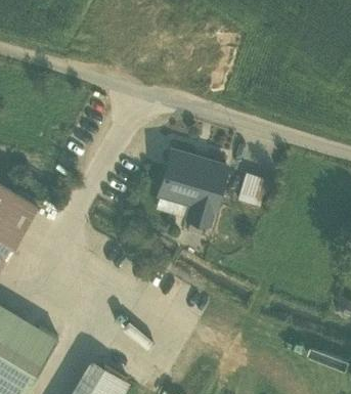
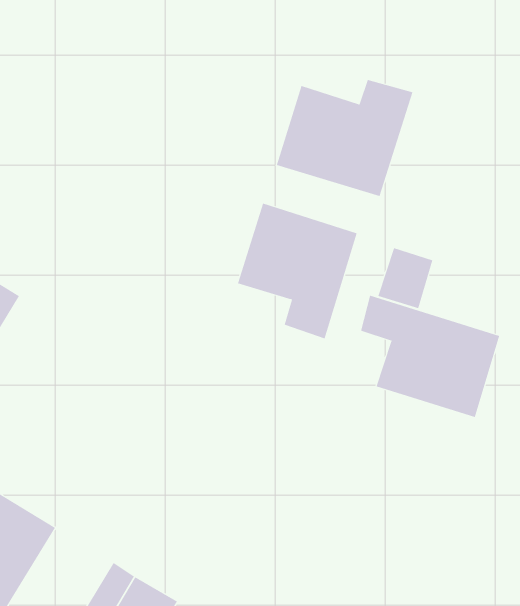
building: none -> [276,79,413,197]
building: none -> [360,295,500,418]

